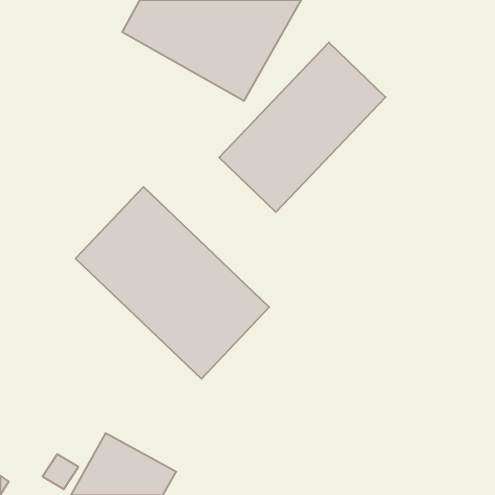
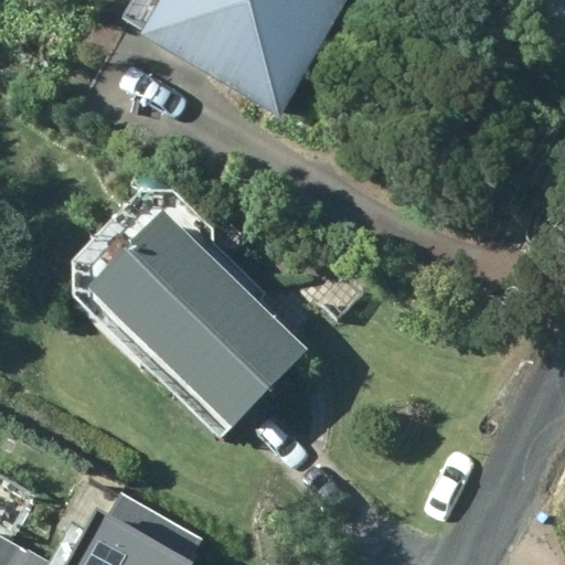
building: [219,42,386,212] -> none

